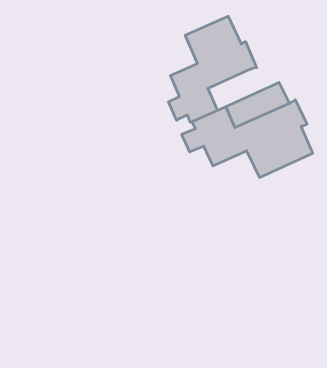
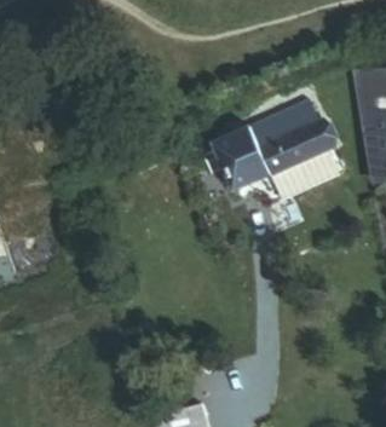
building: [169,16,257,122] -> none

